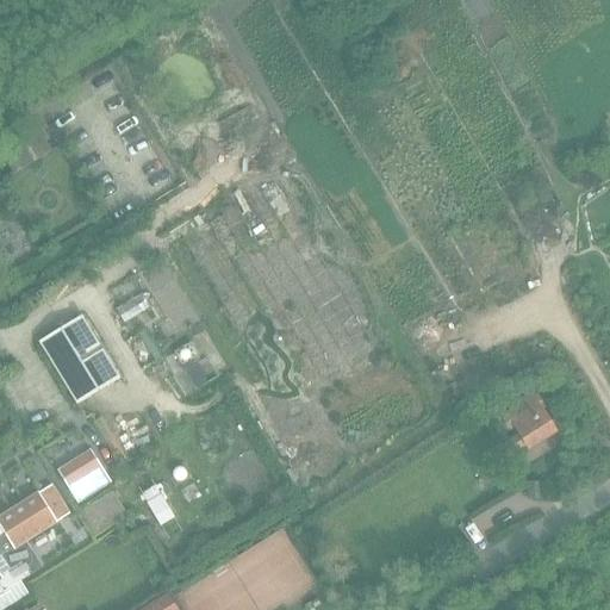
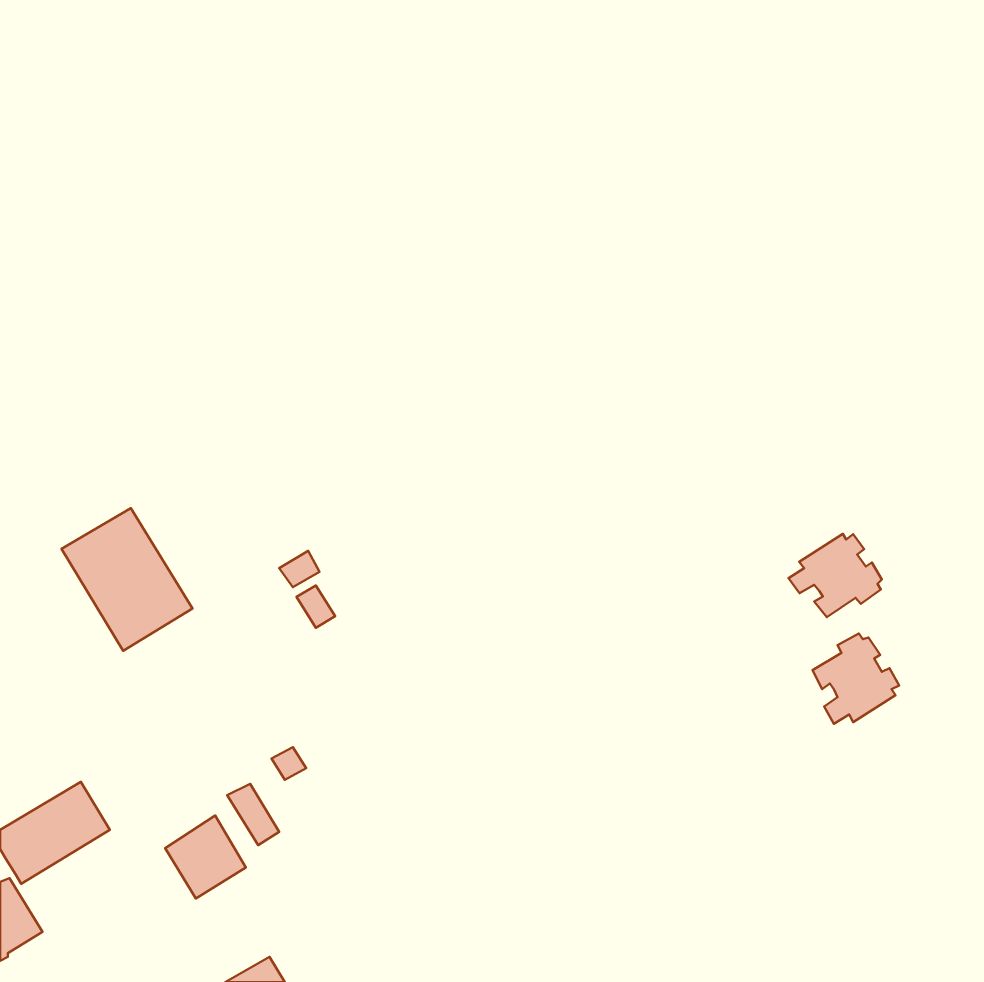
building: none -> [788,534,882,617]
building: [58,449,108,500] -> [165,816,246,898]

